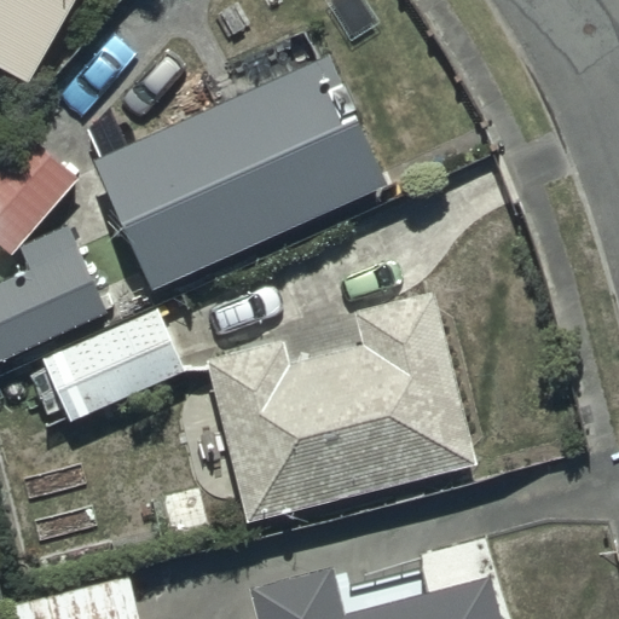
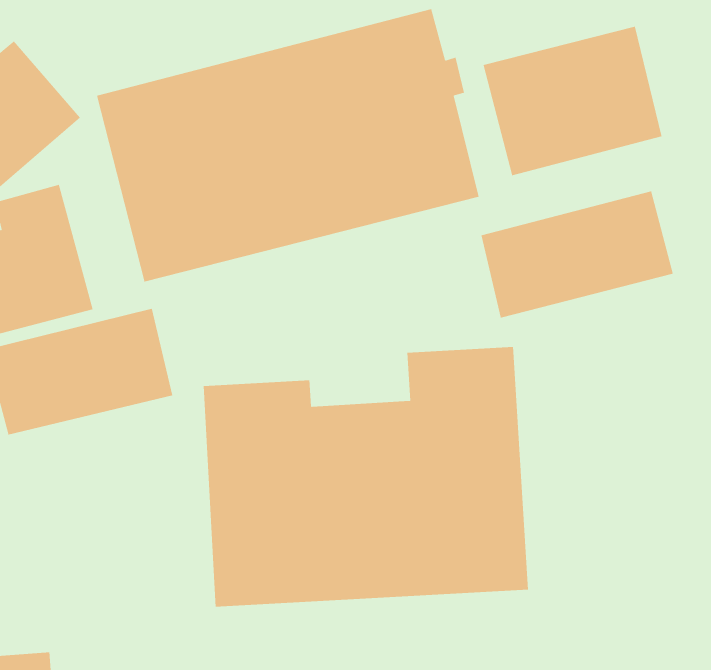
building: none -> [483,26,662,176]
building: none -> [481,190,673,318]

